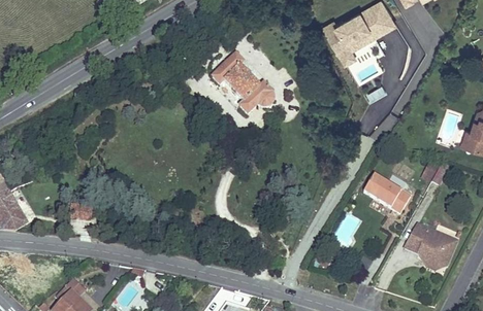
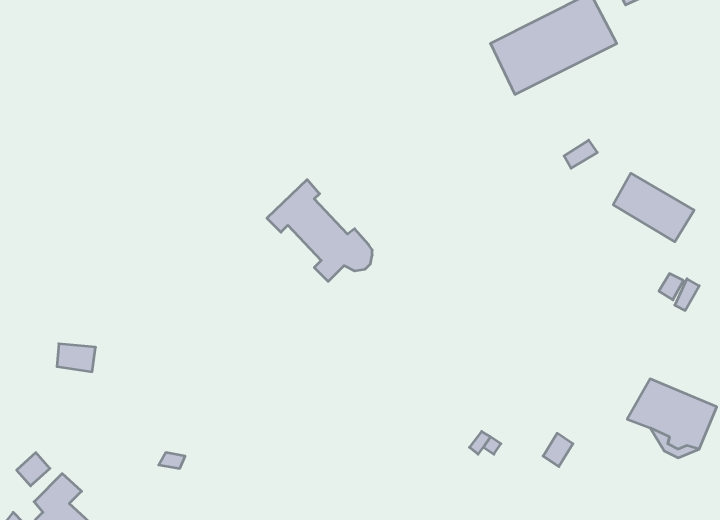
building: [211,56,272,115] -> [267,180,372,281]
building: [362,175,410,215] -> [613,173,694,242]

